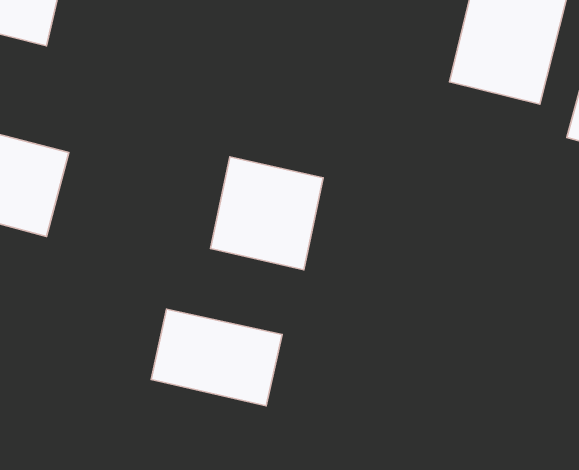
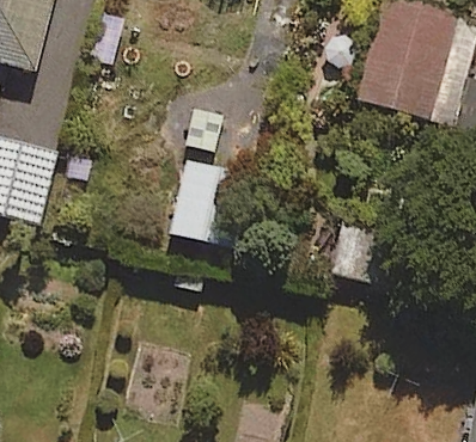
building: [151,309,282,406] -> none

